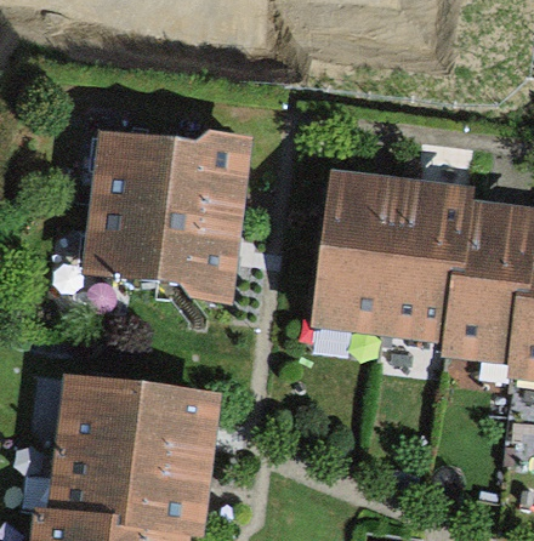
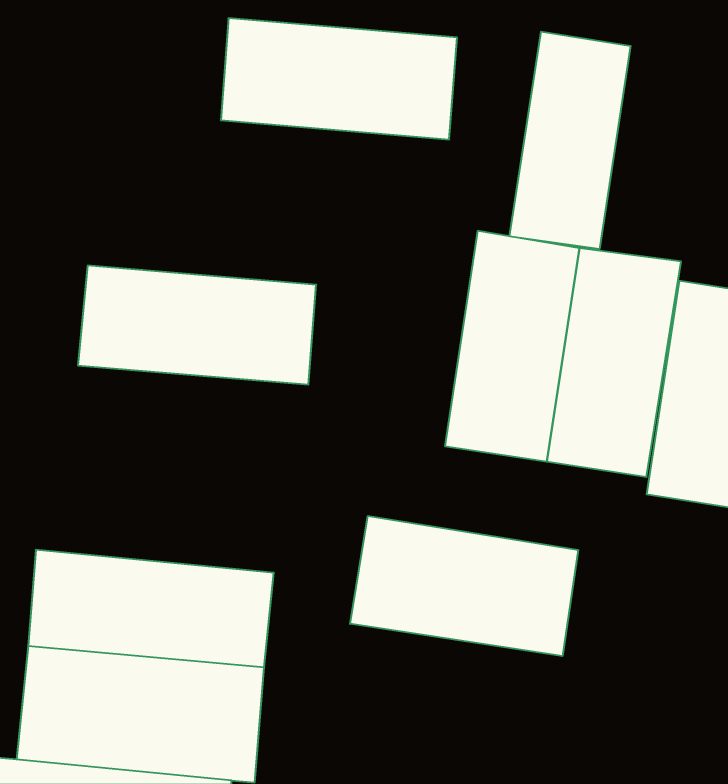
building: none -> [510,32,631,249]
building: [95,132,244,209] -> [221,18,457,139]
building: none -> [350,516,578,656]

